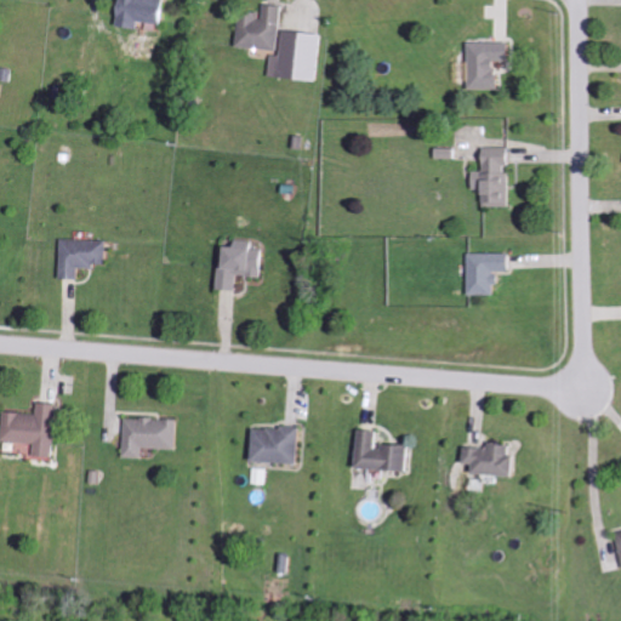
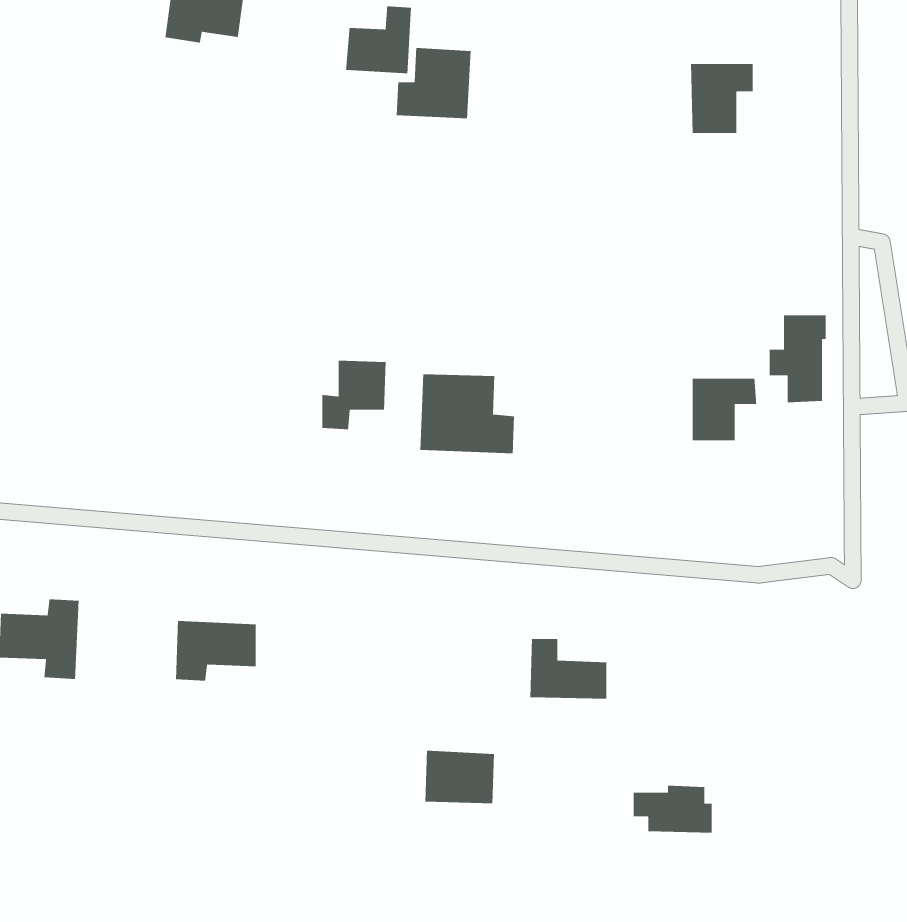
building: [468,148,507,207] -> [769,315,827,403]
building: [56,239,103,278] -> none
building: none -> [420,374,515,454]
building: [250,426,297,462] -> [424,750,495,804]
building: [460,441,513,474] -> [633,785,712,834]

